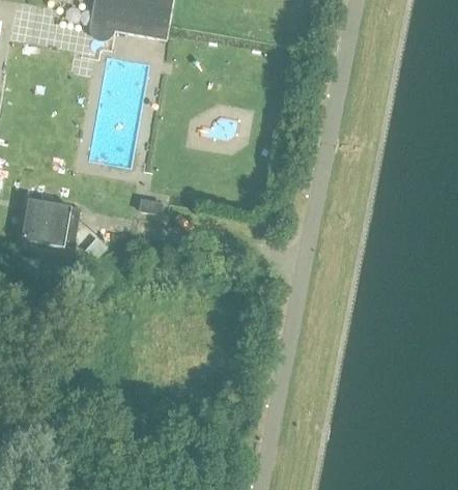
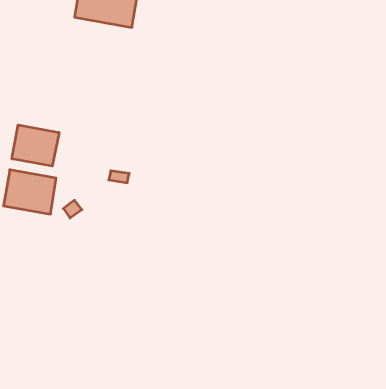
building: none -> [12,125,59,166]

